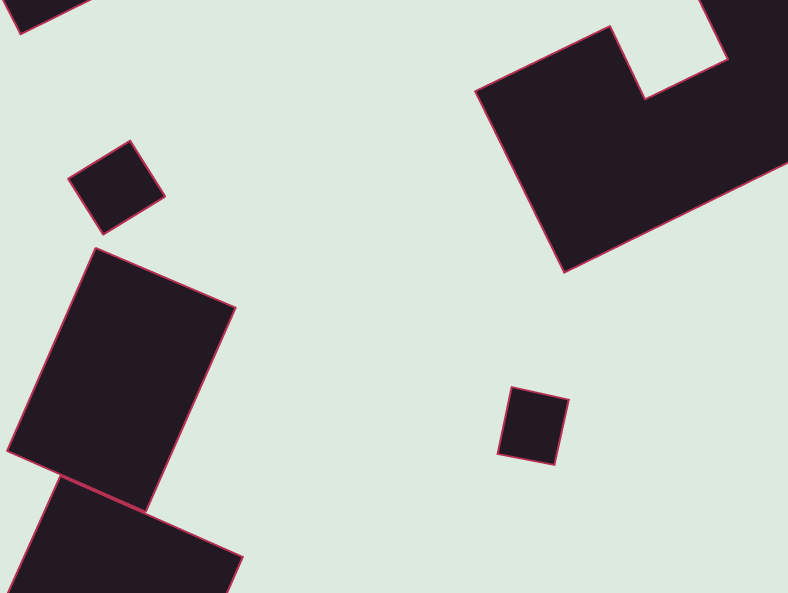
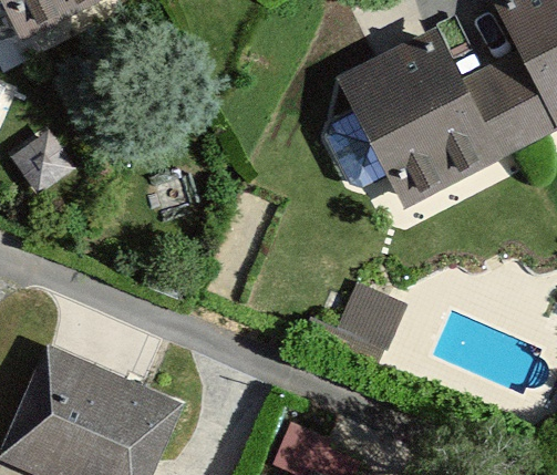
building: [7,248,235,512] -> none

